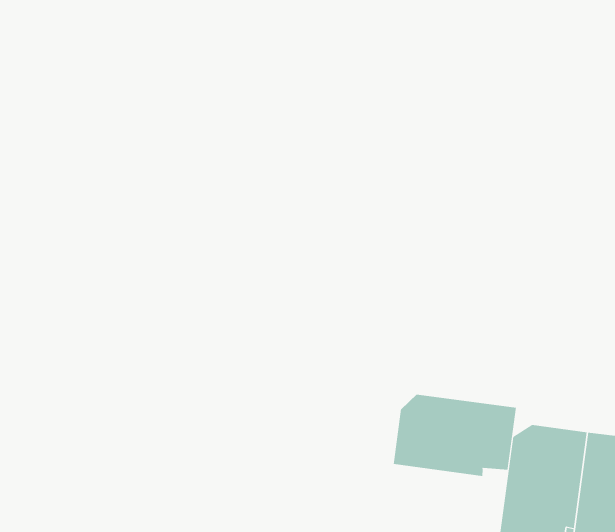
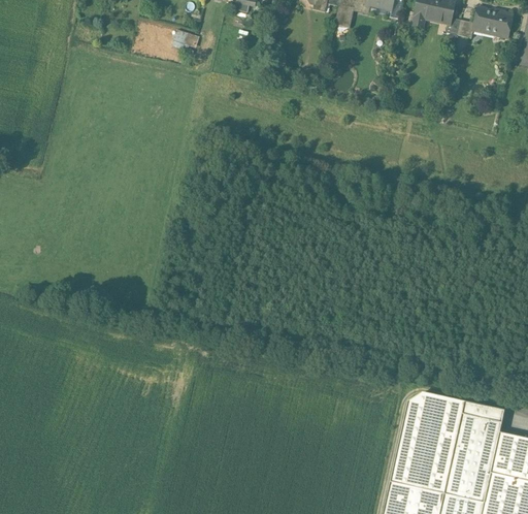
building: [393,394,516,477] -> none

